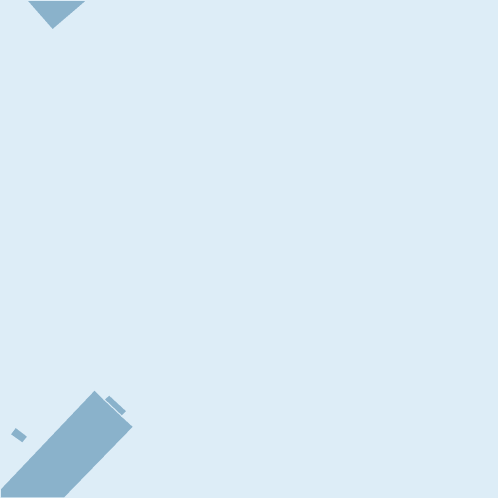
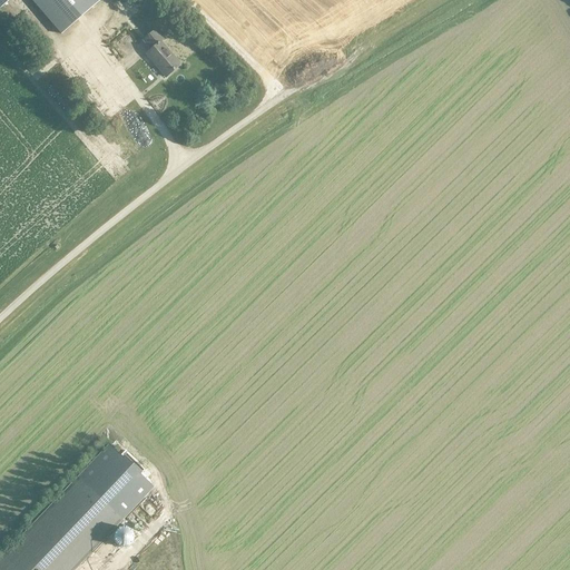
building: none -> [145,33,180,78]

